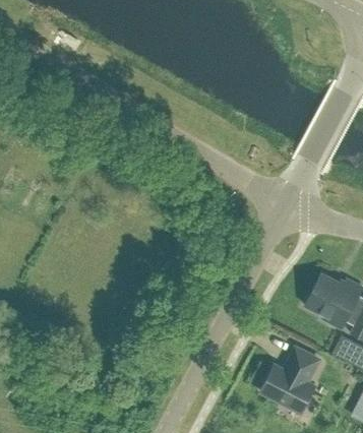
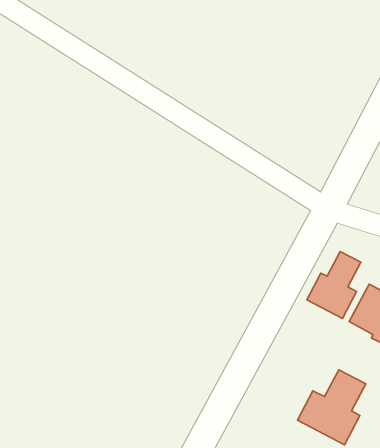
building: none -> [307,251,361,318]

